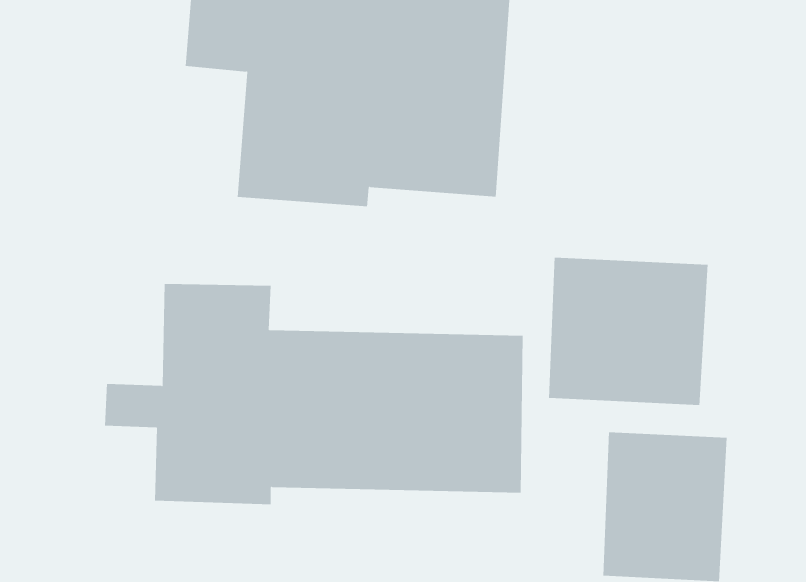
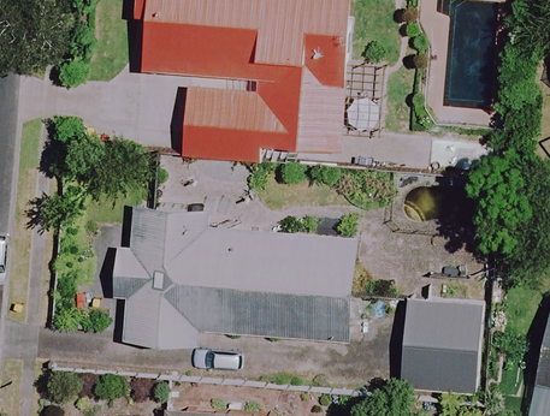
building: [548,257,708,406] -> none

